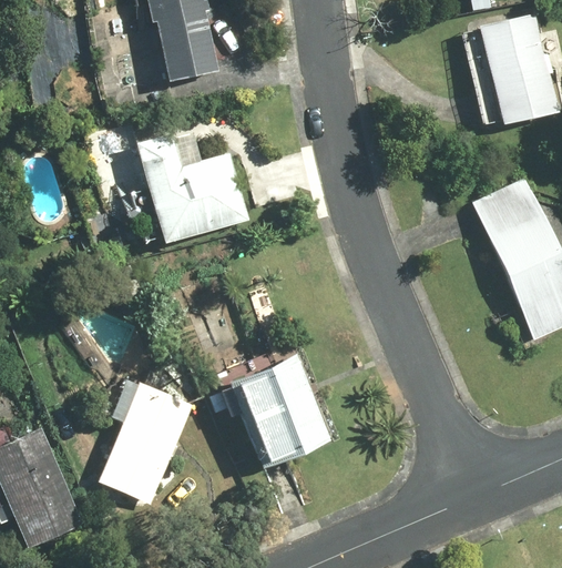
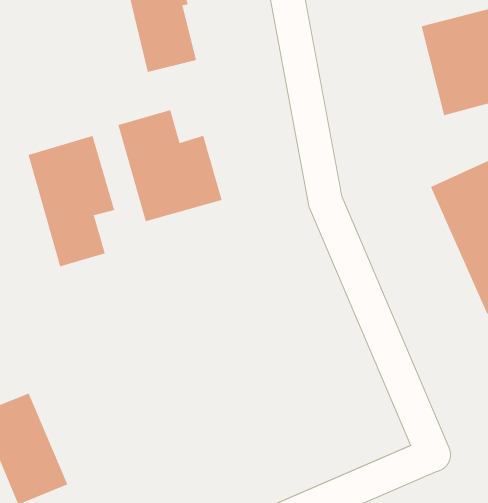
building: none -> [28,135,115,267]
building: [228,353,334,470] -> none
building: [99,377,191,505] -> none

